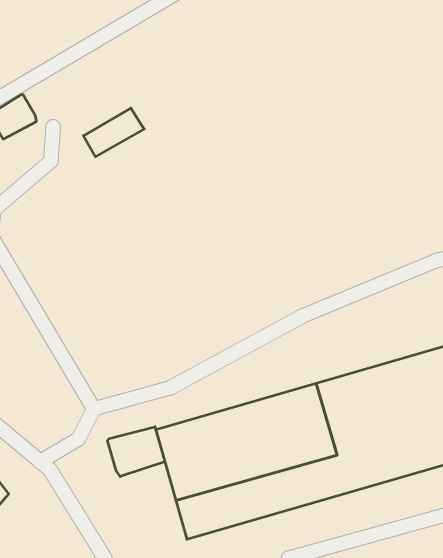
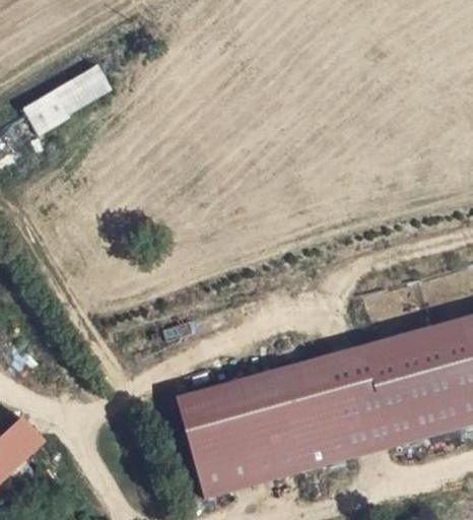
building: [83,108,144,157] -> [54,65,110,110]
building: [107,427,165,477] -> none

